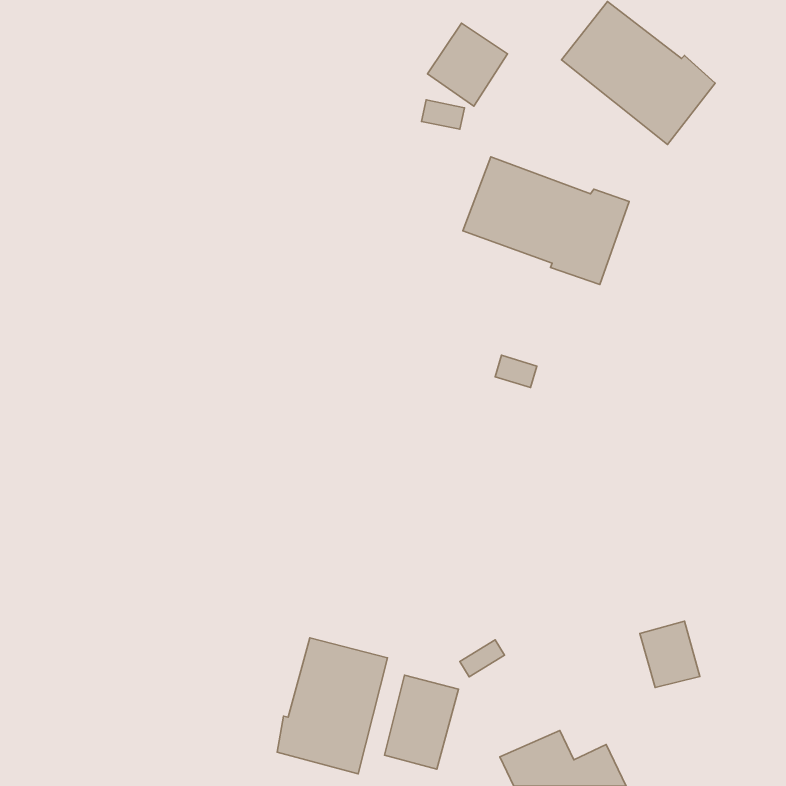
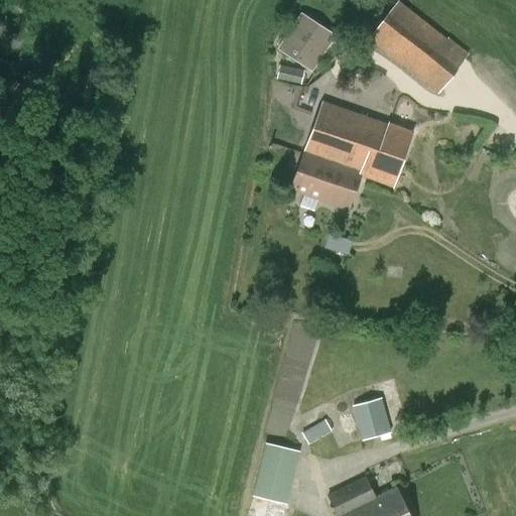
building: none -> [290,151,362,211]
building: [640,621,700,687] -> [352,397,391,440]
building: [277,638,387,774] -> none

